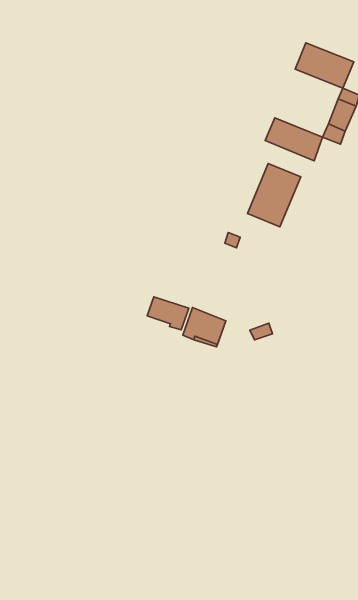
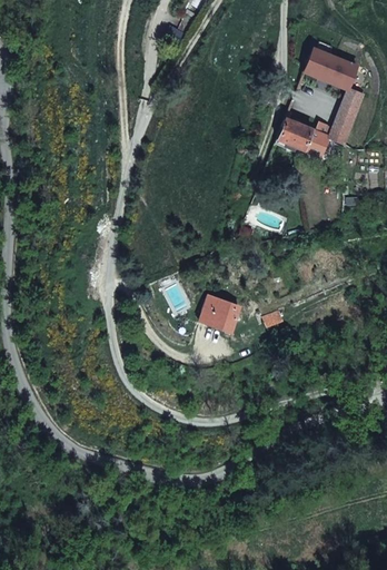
building: [247,163,301,227] -> none
building: [147,297,189,330] -> none

